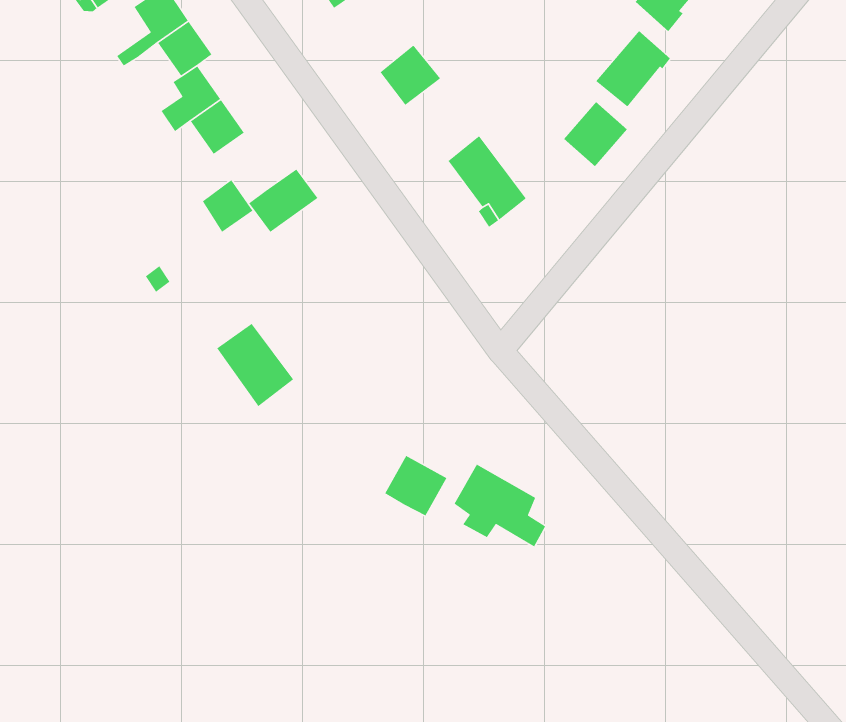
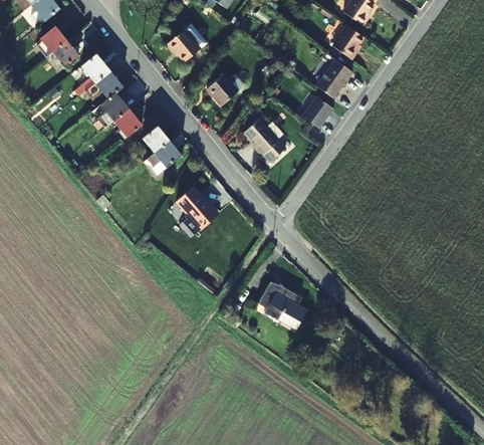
building: [202,179,253,233] -> [143,126,169,153]
building: [216,323,294,407] -> [177,187,217,229]
building: [384,455,448,517] -> none

